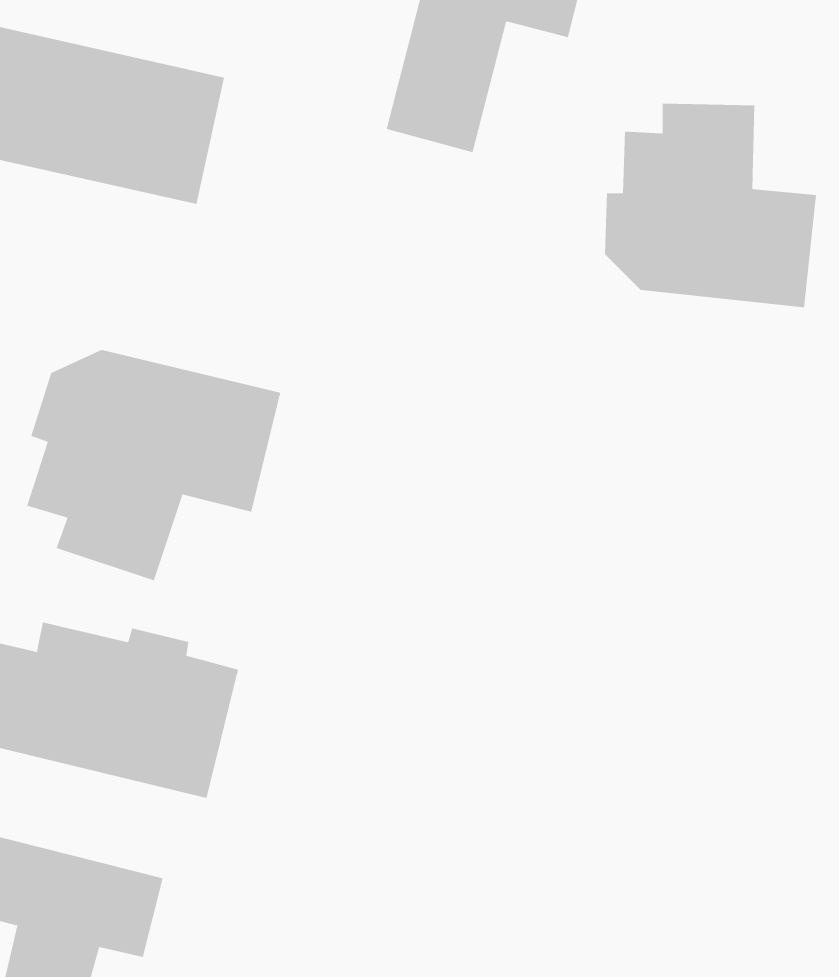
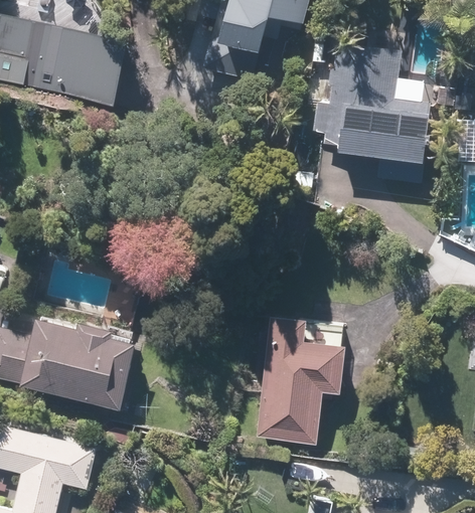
building: [26,349,281,581] -> none
building: none -> [258,319,345,439]

